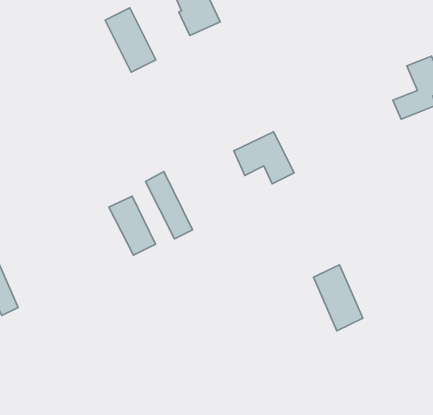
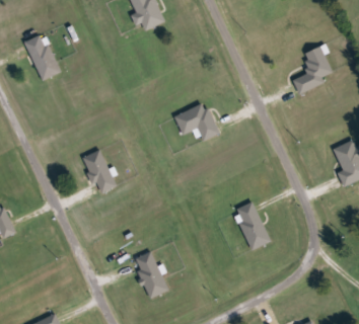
building: [105,8,156,72] -> [23,33,61,81]
building: [146,172,192,239] -> none
building: none -> [133,250,168,298]

